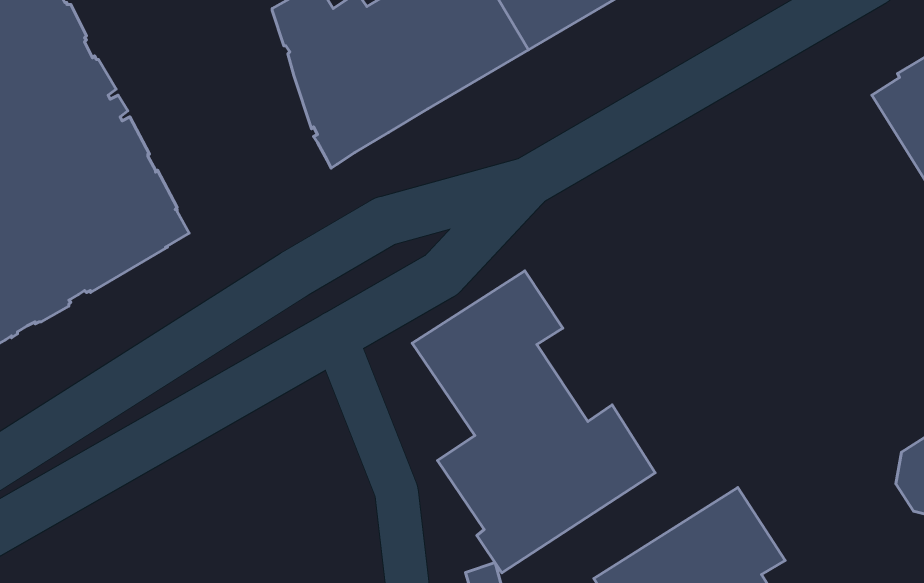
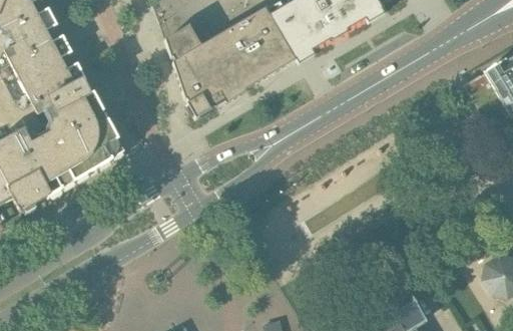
building: [412,271,655,573] -> none

